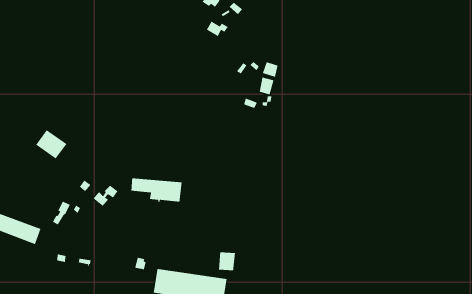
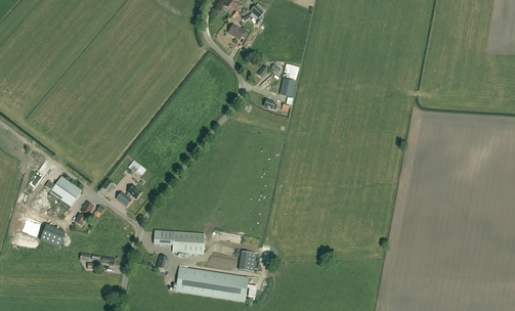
building: [35,129,67,159] -> [50,177,82,207]
building: [130,178,182,203] -> [154,230,205,255]

